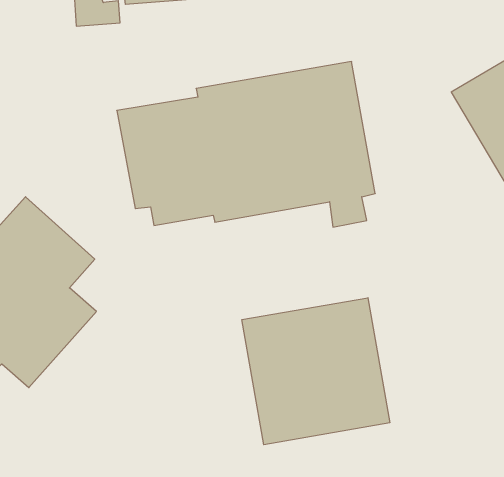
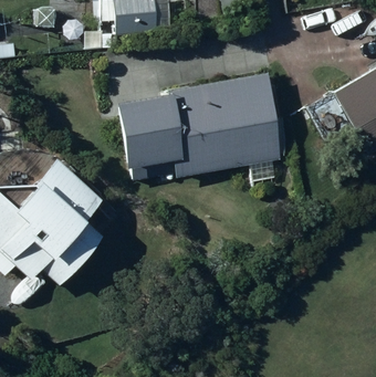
building: [242,298,390,445] -> none

